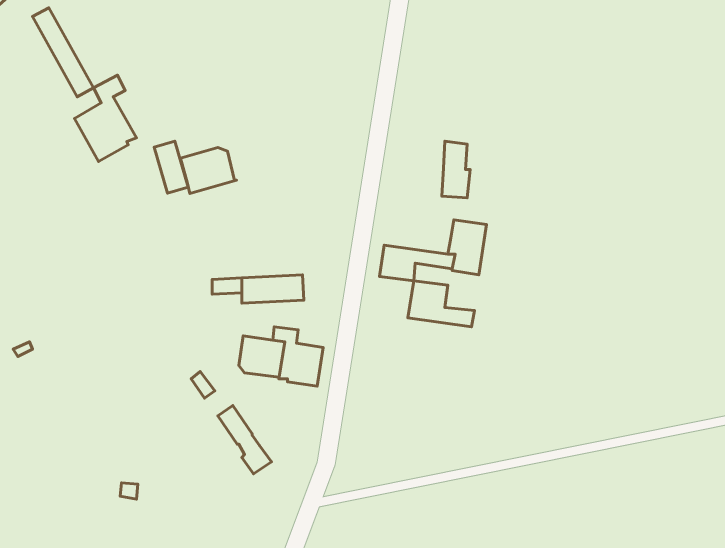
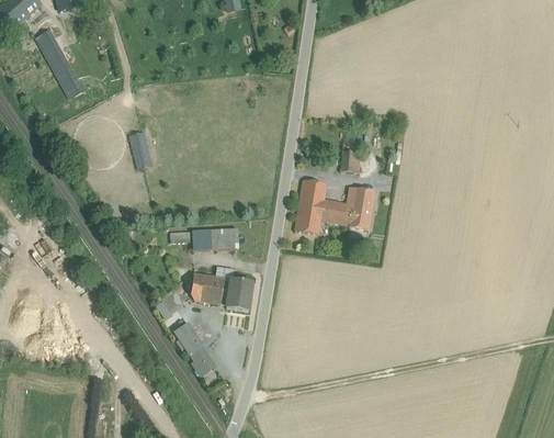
building: [74,75,136,161] -> none
building: [180,148,237,194] -> none
building: [408,281,475,327] -> [297,179,347,213]

